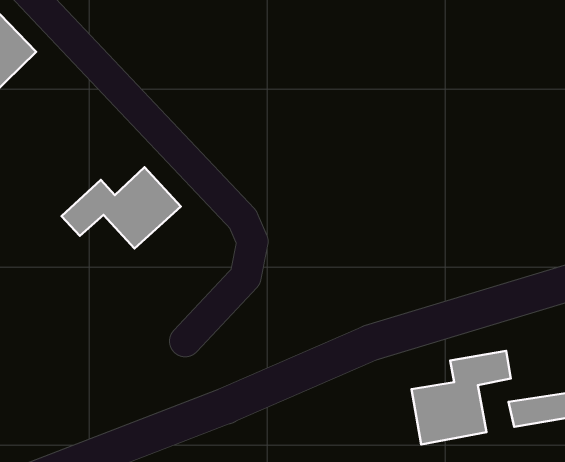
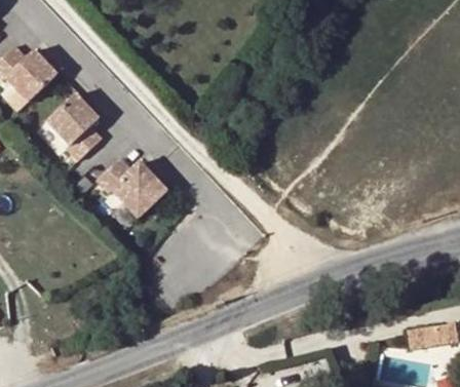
building: none -> [41,90,99,158]
building: [411,351,511,444] -> none

